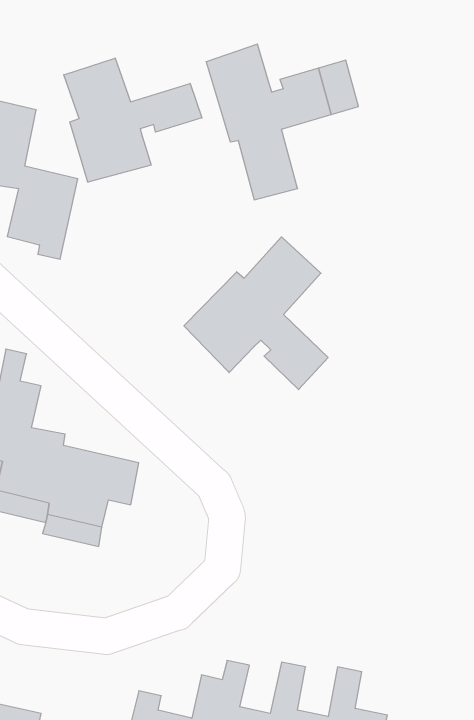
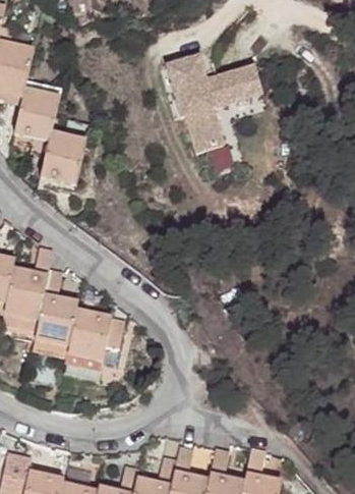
building: [64,58,202,182] -> none
building: [184,237,328,390] -> none

